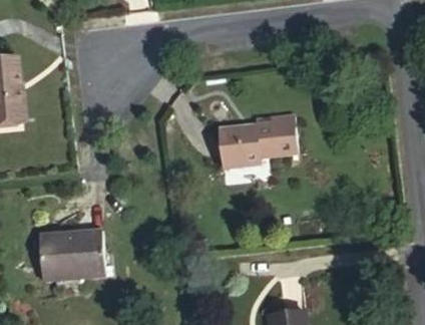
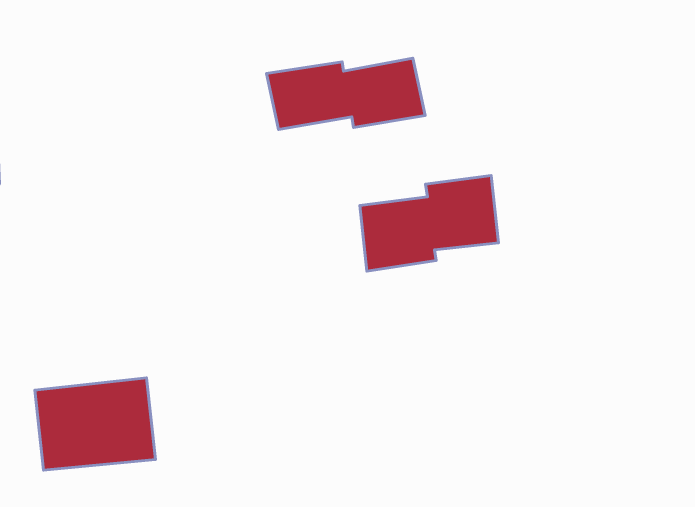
building: none -> [266,58,425,129]

